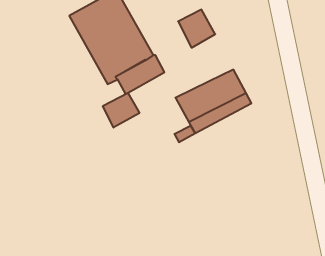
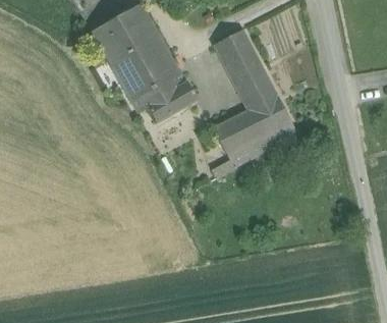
building: none -> [229,56,276,109]
building: [103,93,139,128] -> none

